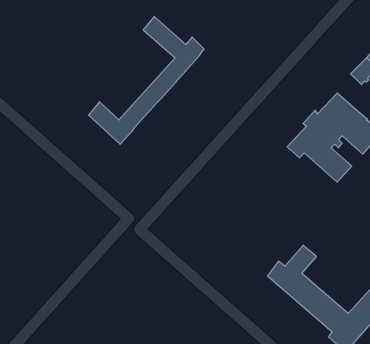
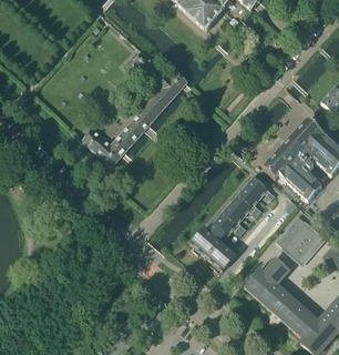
building: none -> [189,176,275,271]
building: none -> [275,215,326,266]

